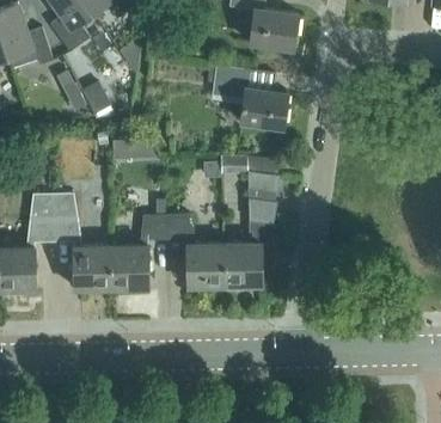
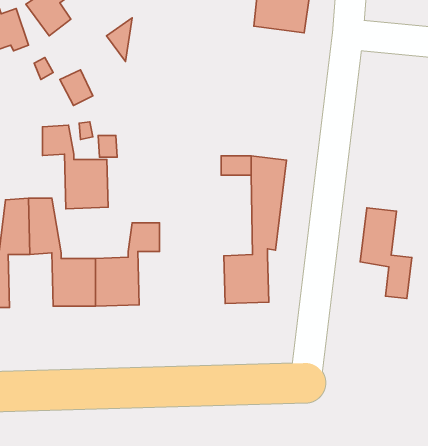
building: [207,66,288,128] -> none
building: none -> [360,208,412,299]
building: [167,214,225,287] -> [43,125,108,209]

